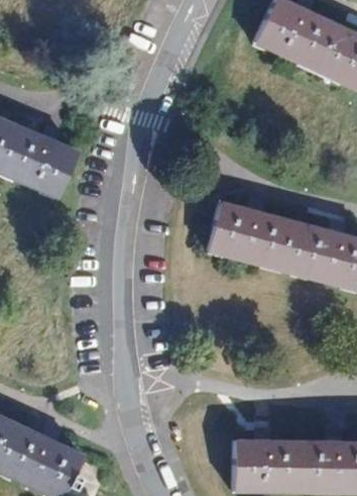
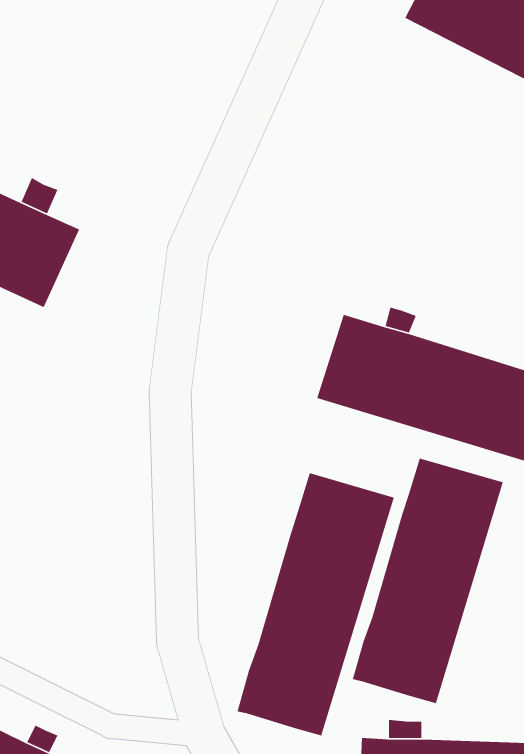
building: none -> [352,457,504,704]
building: none -> [236,472,395,737]

